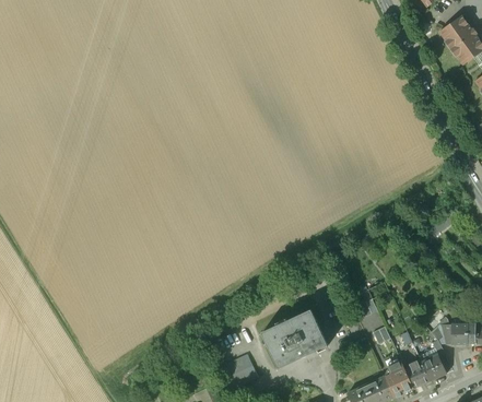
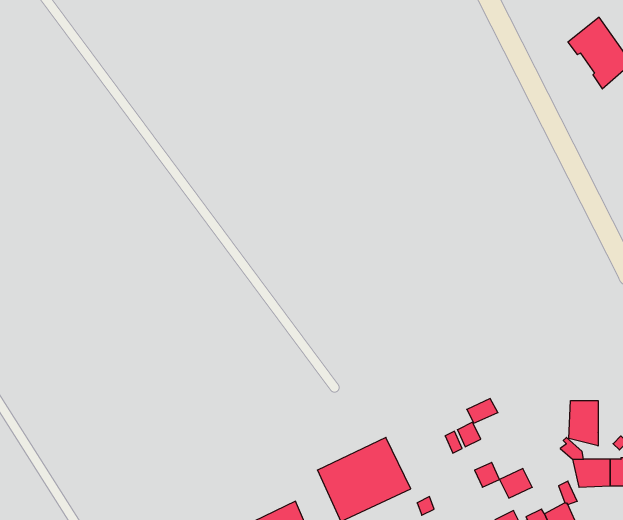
building: none -> [569,401,598,446]

